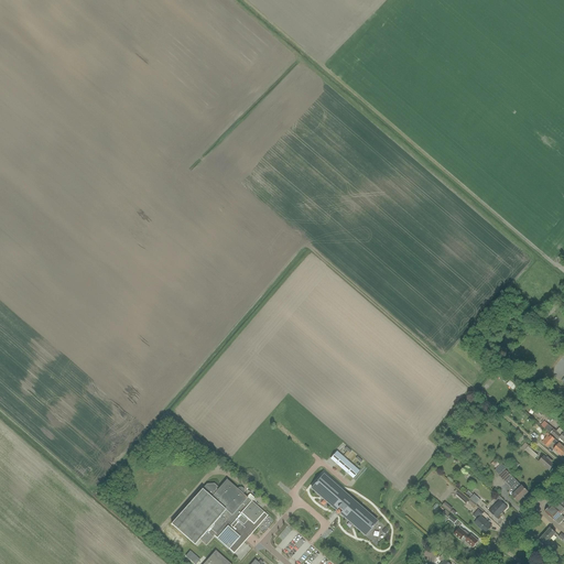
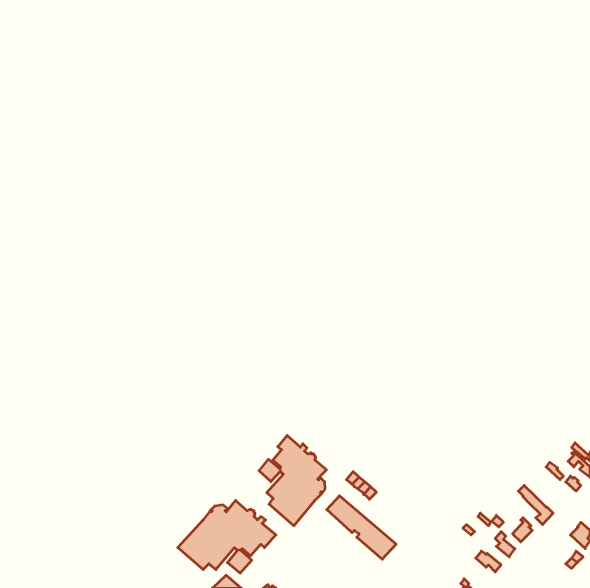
building: none -> [259,435,326,526]

